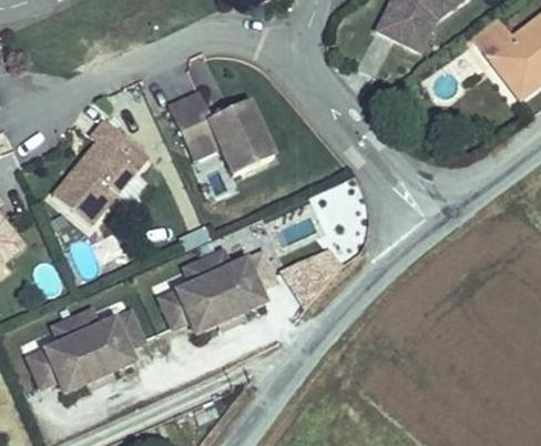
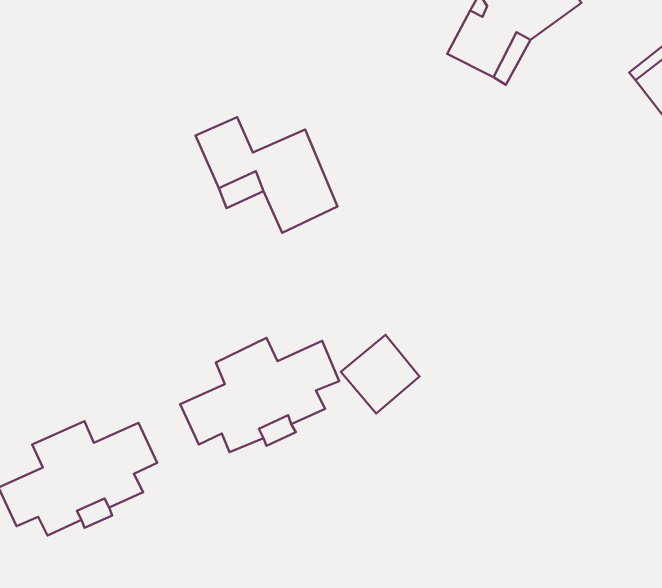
building: [55,118,150,222] -> none

